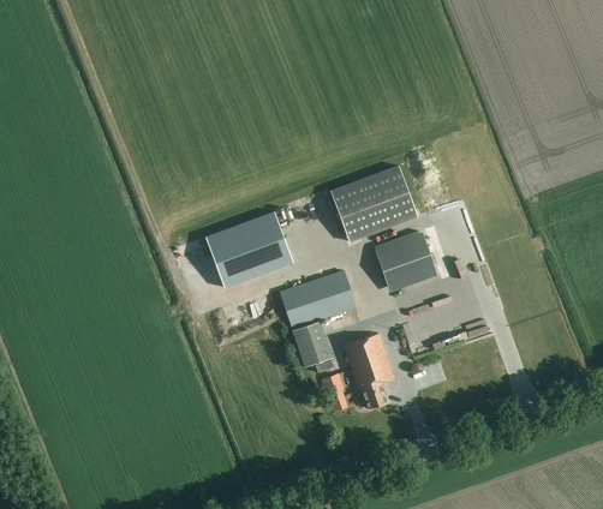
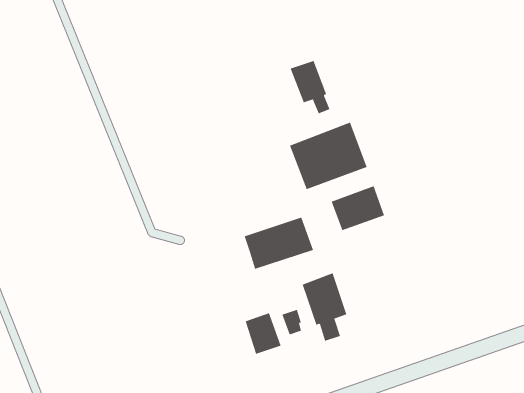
building: none -> [290,60,330,114]
building: [204,211,292,288] -> none
building: [292,321,333,367] -> [245,312,281,354]

